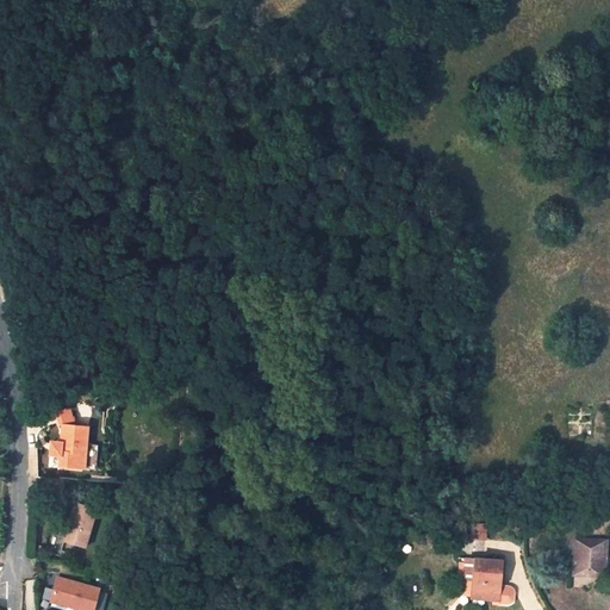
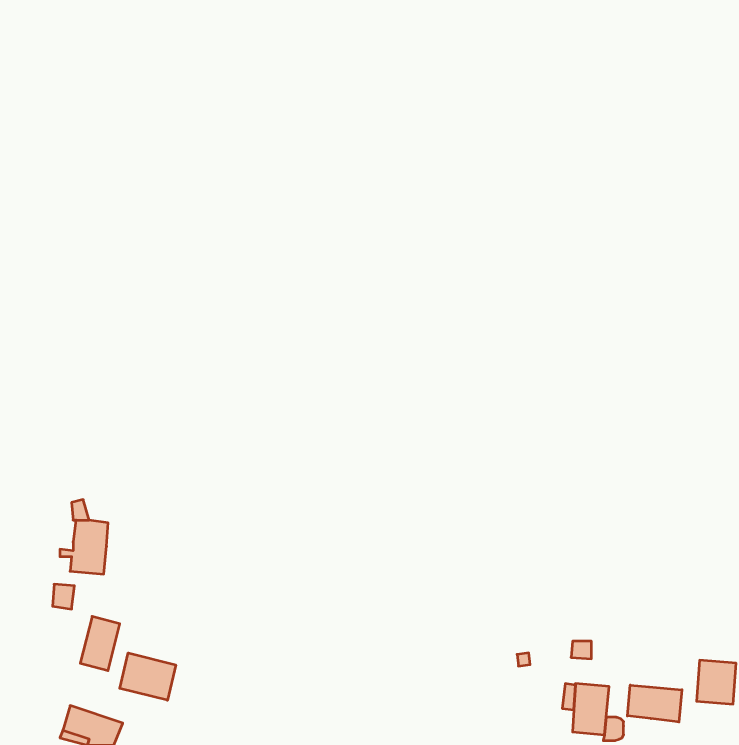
building: none -> [120,653,176,700]
building: none -> [627,685,682,722]

